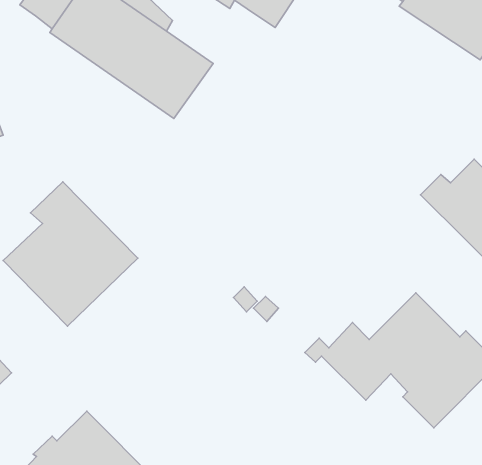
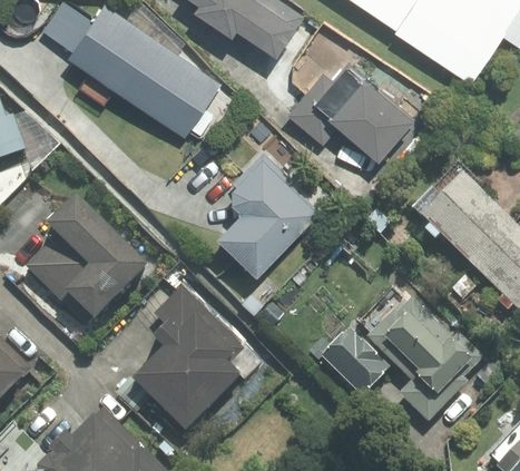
building: none -> [286,59,416,156]
building: none -> [220,149,321,268]
building: none -> [135,290,243,430]

